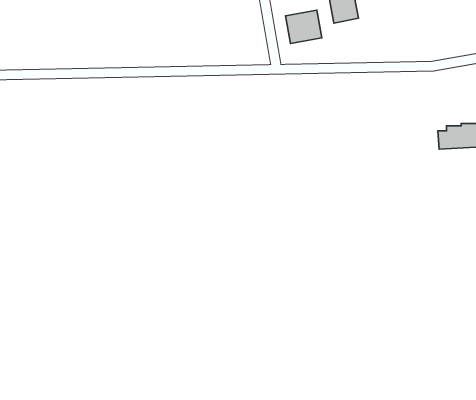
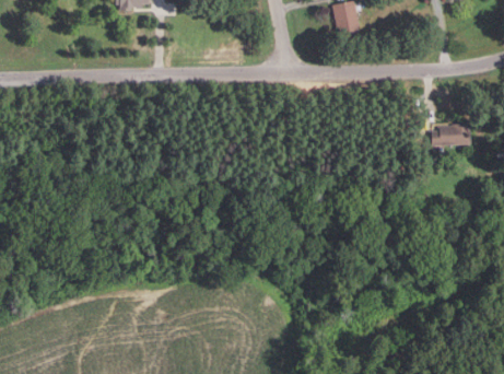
building: [285,10,322,43] -> none

